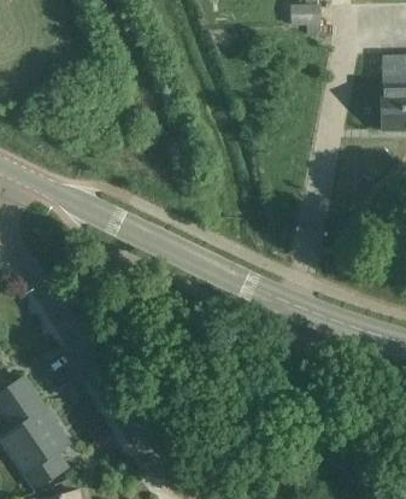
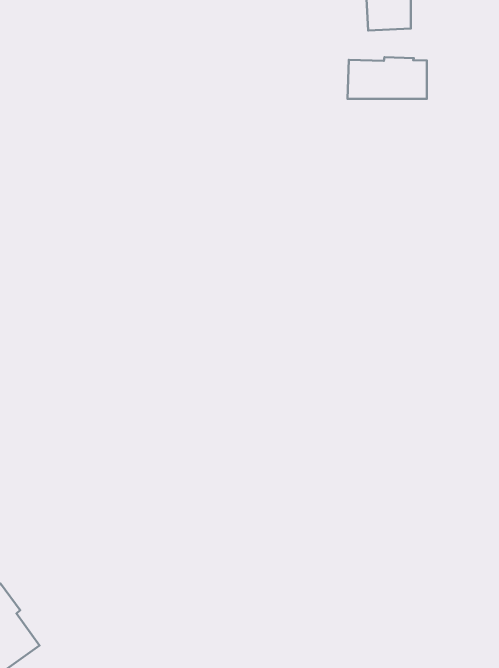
building: none -> [348,57,427,99]

